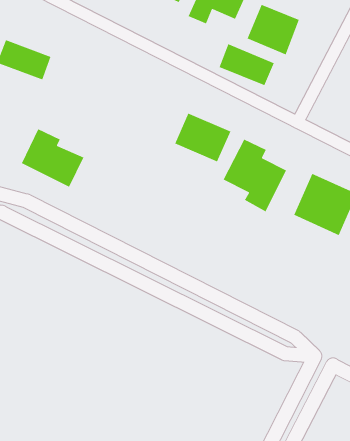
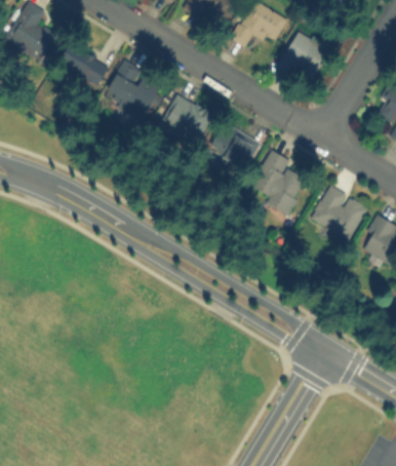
building: [219,43,275,86] -> none
building: none -> [161,95,212,145]
building: [21,128,85,188] -> [107,61,163,115]

